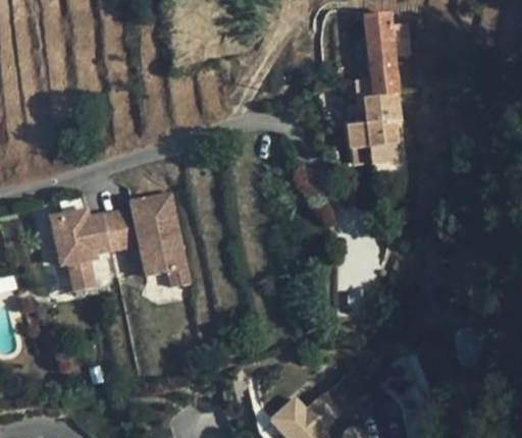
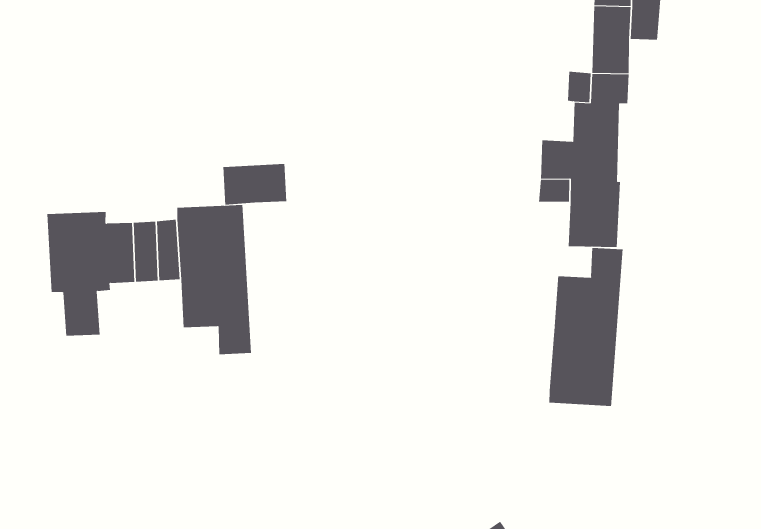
building: none -> [223,163,287,205]
building: none -> [549,247,623,407]

